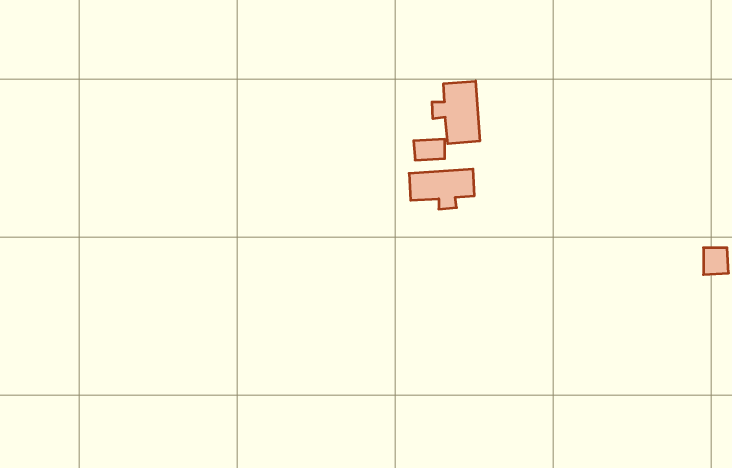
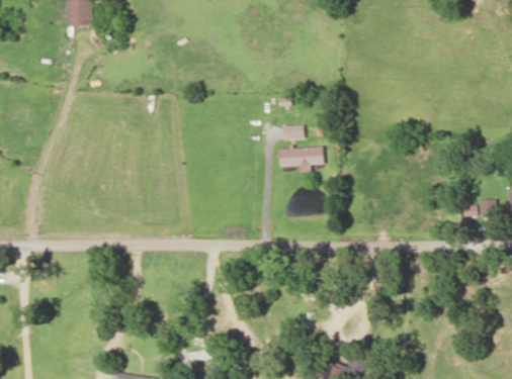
building: [432,81,480,144] -> none

